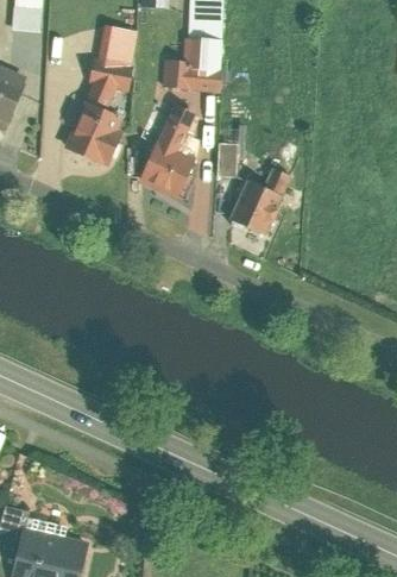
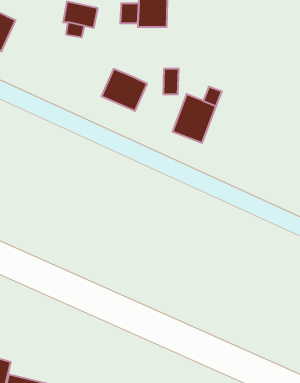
building: [67,99,126,167] -> none
building: [153,101,197,153] -> none

